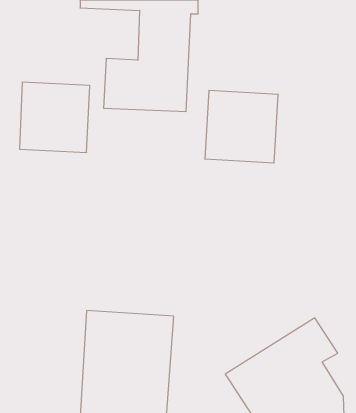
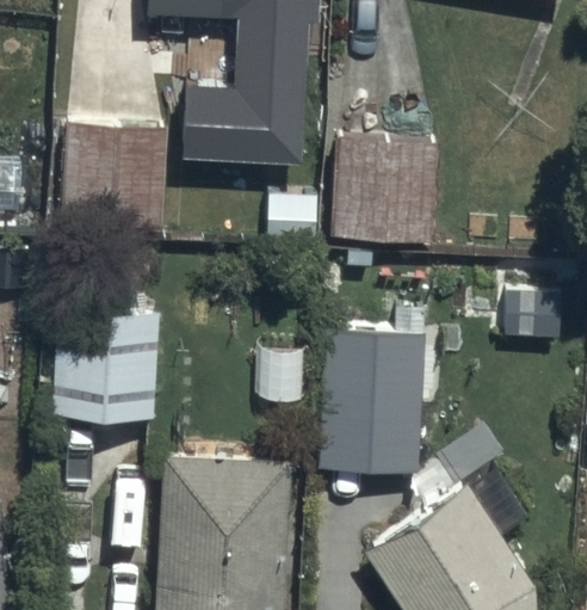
building: none -> [44,310,160,423]
building: none -> [308,324,424,470]

